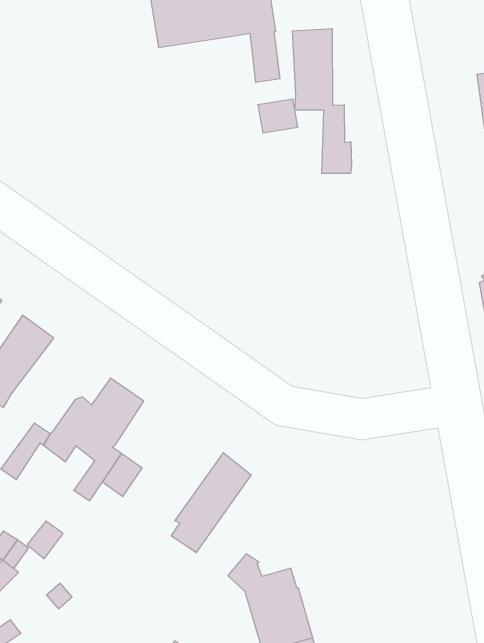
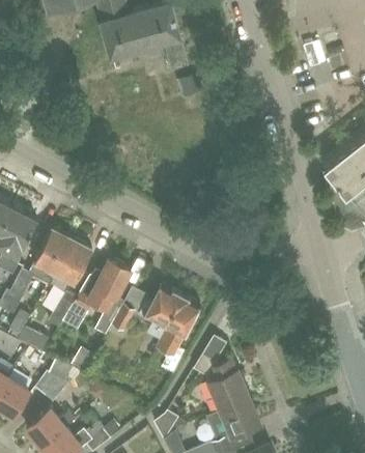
building: [292,29,351,173] -> none
building: none -> [51,238,91,285]
building: none -> [140,284,182,339]

